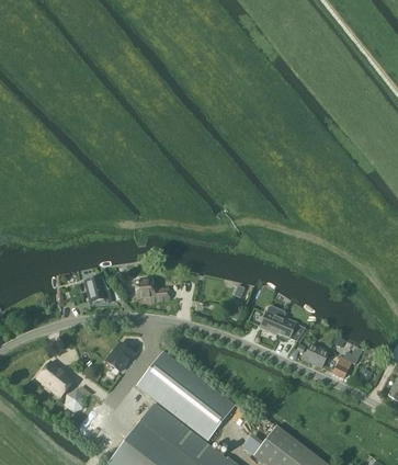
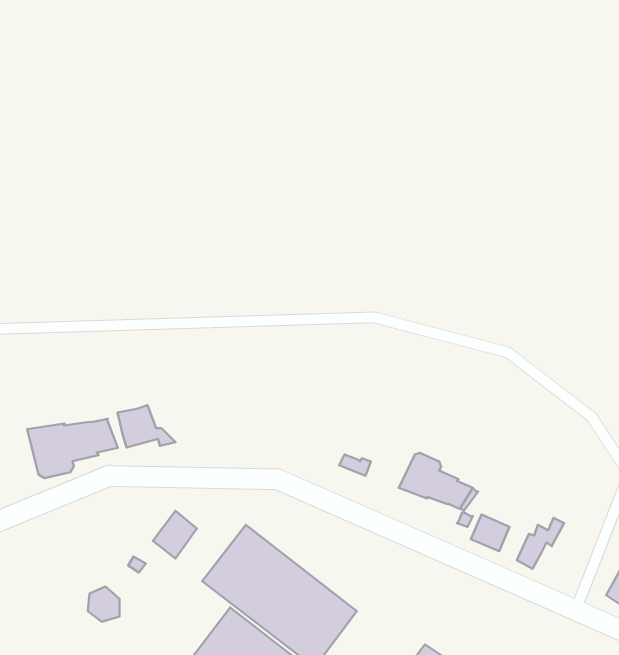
building: [135,281,168,302] -> none
building: none -> [27,419,118,478]
building: [36,361,73,397] -> none

